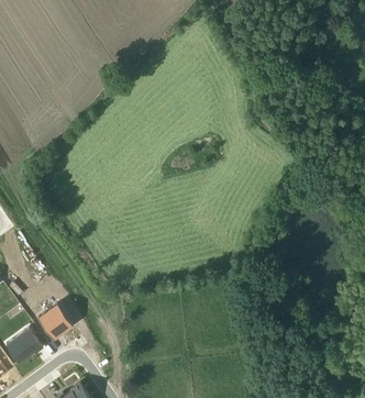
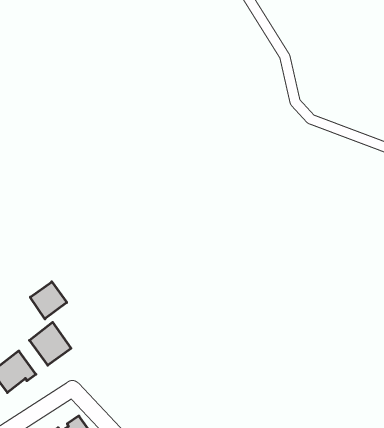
building: none -> [30,282,67,319]

